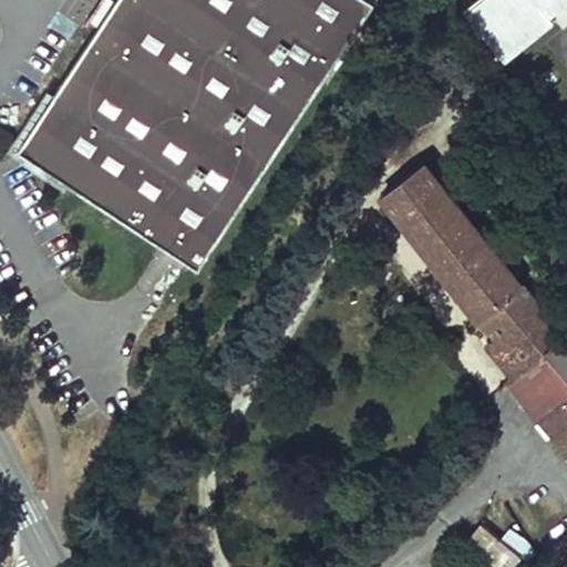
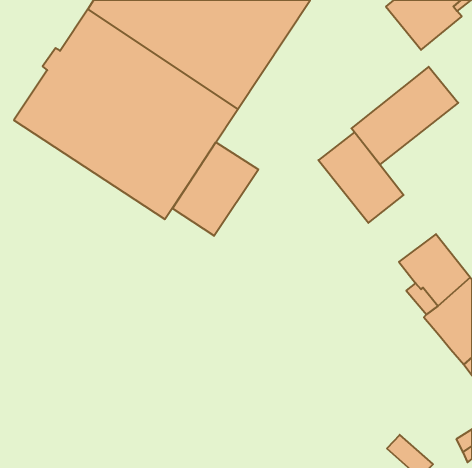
building: none -> [351,67,458,164]
building: none -> [173,142,258,236]
building: [441,239,522,319] -> none

